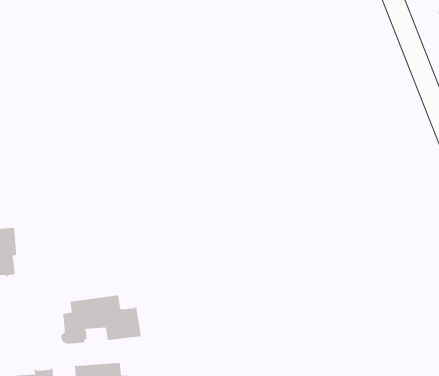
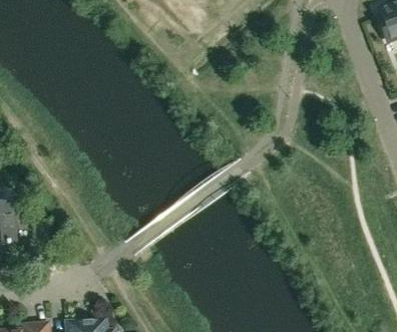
building: [60,295,142,345] -> none

